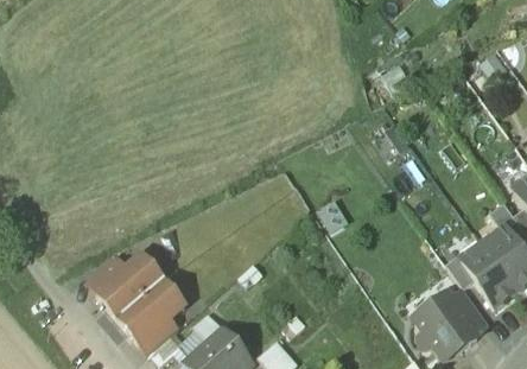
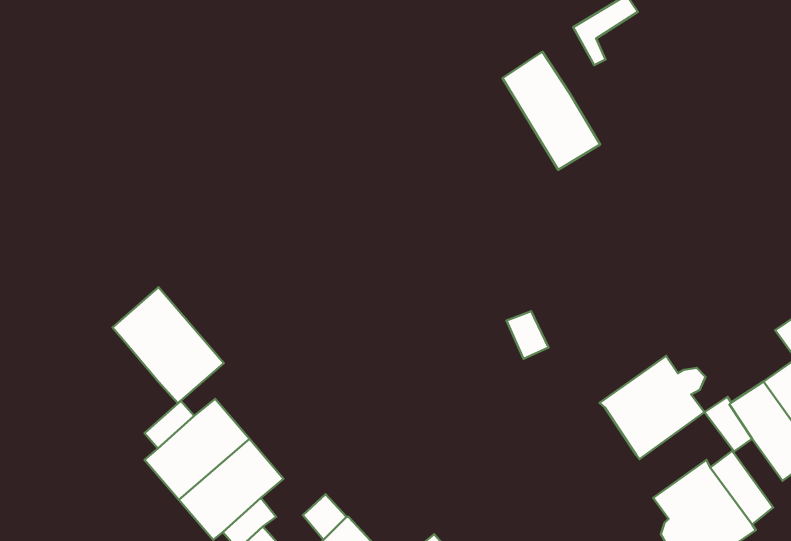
building: none -> [503,52,600,170]
building: none -> [113,287,224,403]
building: none -> [599,356,706,459]

